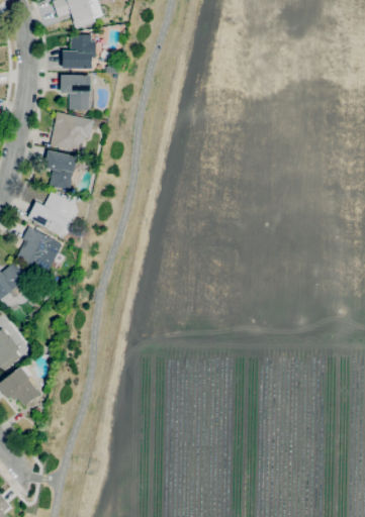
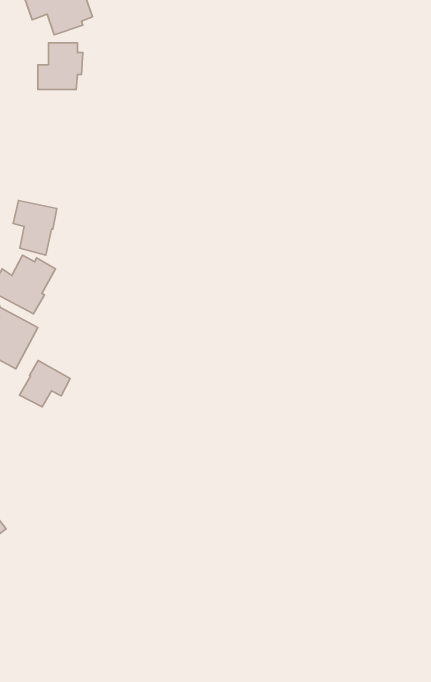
building: [61,75,90,110] -> none
building: [50,112,94,152] -> none
building: none -> [20,361,70,407]

